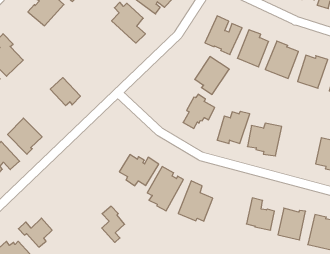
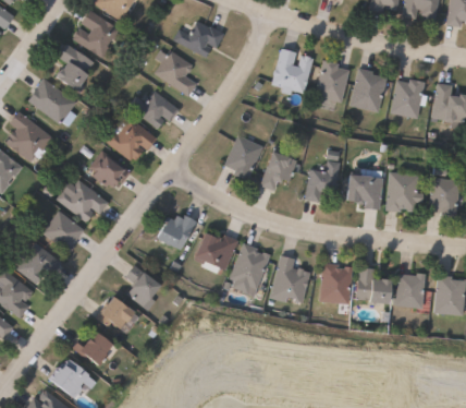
building: none -> [32,79,76,125]
building: none -> [127,92,179,129]
building: none -> [105,119,155,161]
building: [195,57,229,94] -> [222,135,262,181]
building: none -> [61,178,114,221]
building: none -> [383,172,421,214]
building: none -> [154,215,196,251]
building: none -> [319,264,352,303]
building: none -> [101,296,144,326]
building: [102,206,125,242] -> [131,265,160,309]

